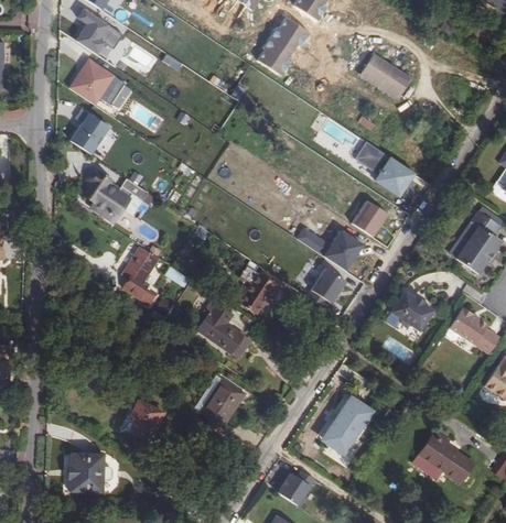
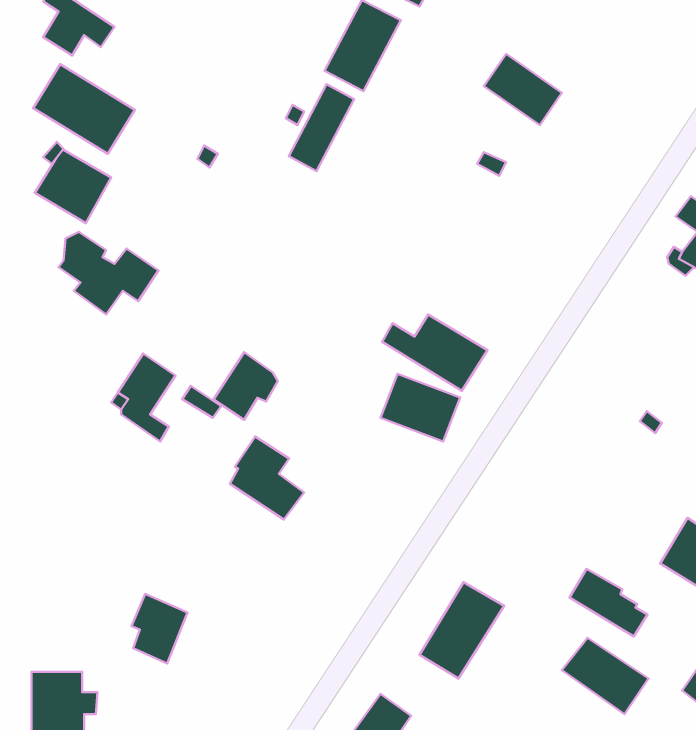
building: none -> [289,84,354,171]
building: [352,144,417,196] -> none
building: [353,200,388,237] -> none
building: [449,209,492,271] -> none
building: [240,271,282,315] -> [214,352,278,420]
building: [385,290,427,328] -> none
building: [440,307,491,351] -> [570,569,647,636]
building: [197,381,250,433] -> none

